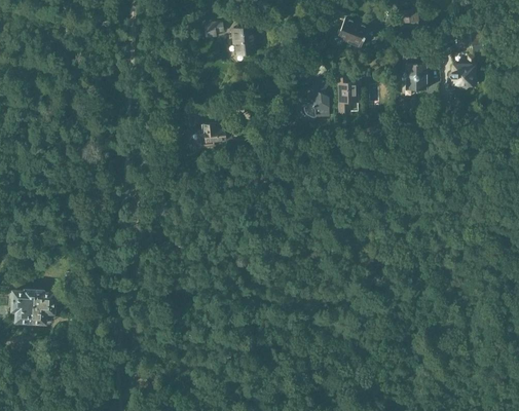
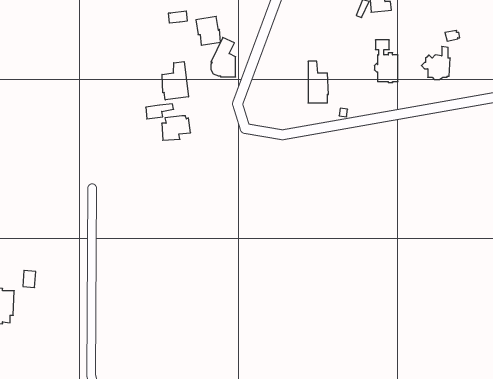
building: [337,20,369,48] -> none
building: none -> [162,62,188,100]
building: [305,79,329,117] -> [211,37,236,77]

